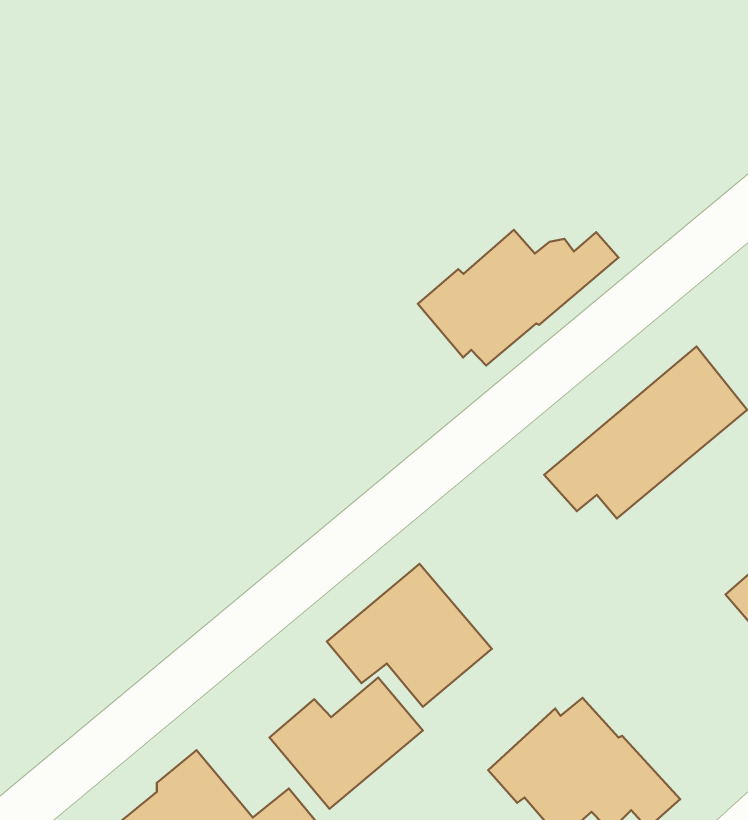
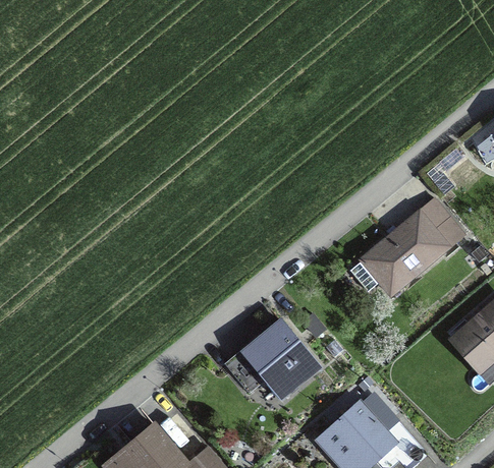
building: [418,230,619,366] -> none
building: [269,677,423,809] -> none

